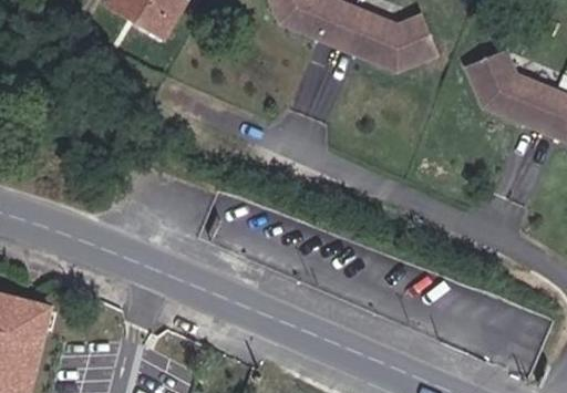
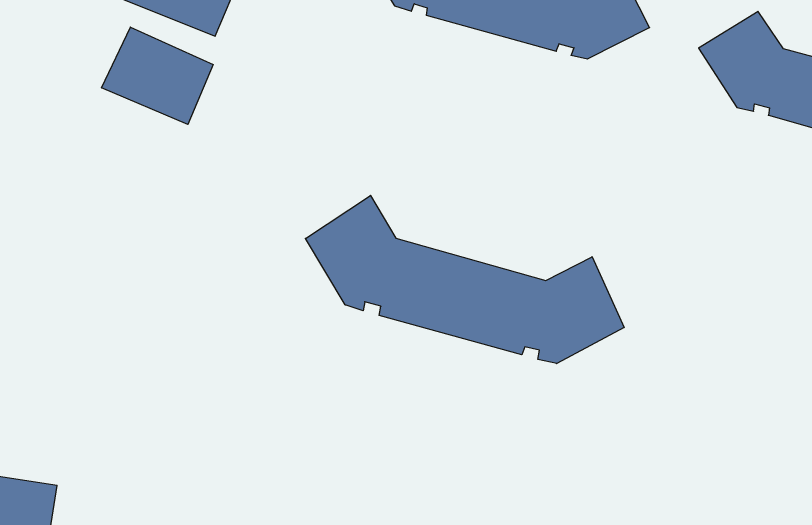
building: none -> [102,27,213,124]
building: none -> [305,195,624,364]

